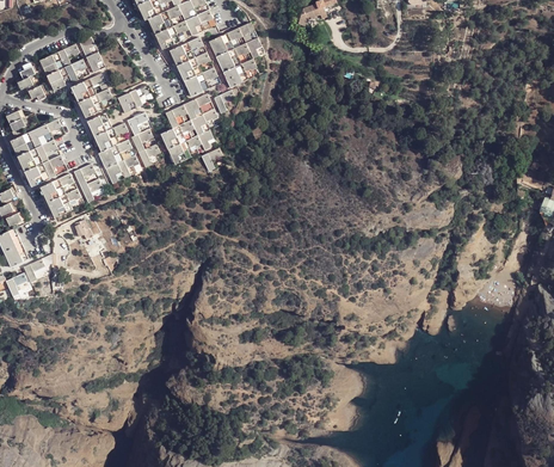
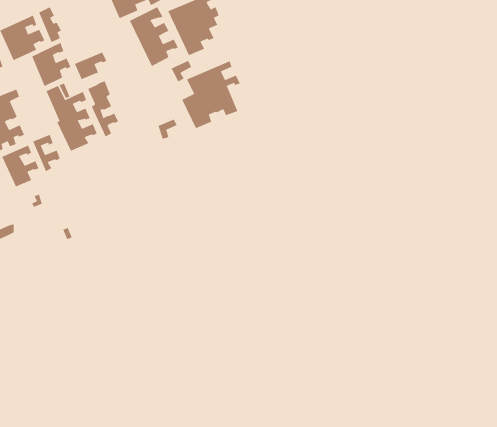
building: [159,93,218,162] -> [181,60,241,129]

